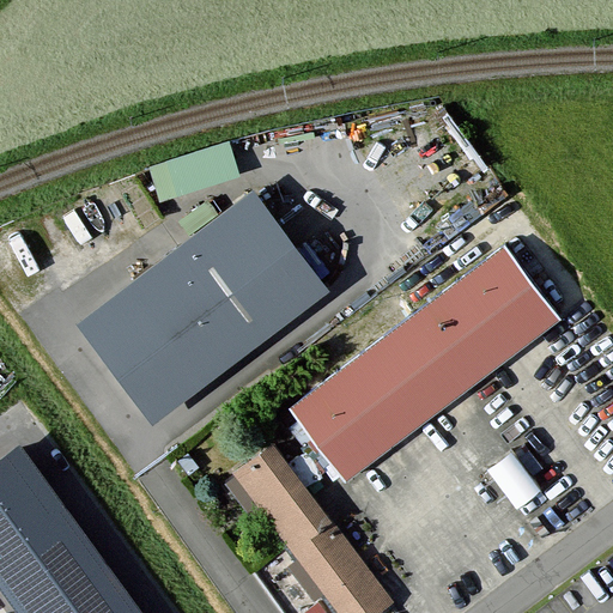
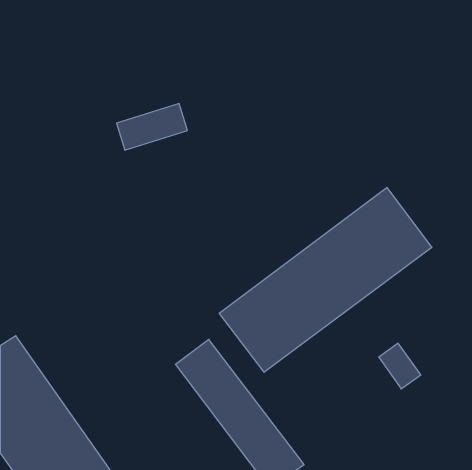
building: [71,190,323,425] -> none

